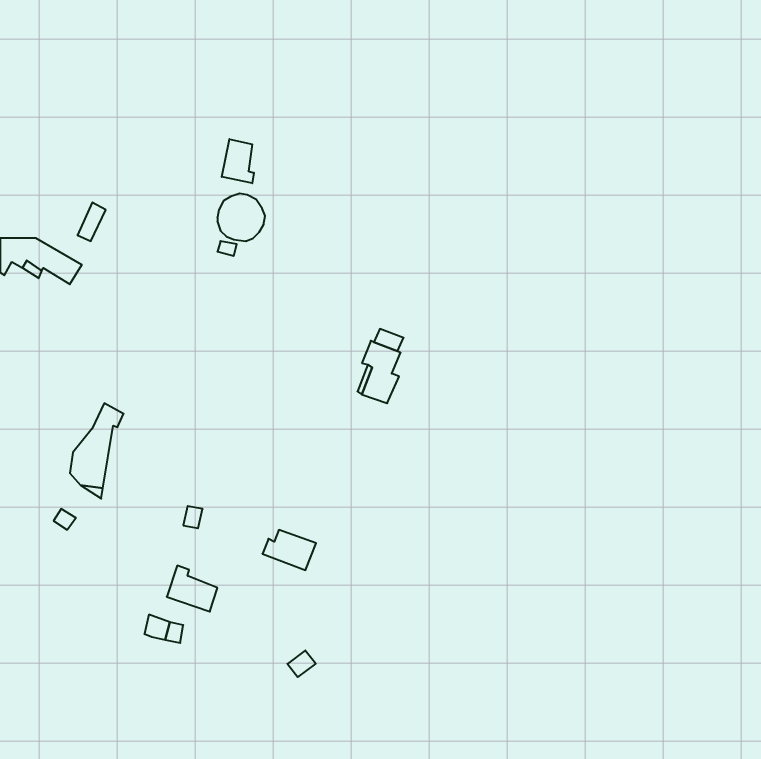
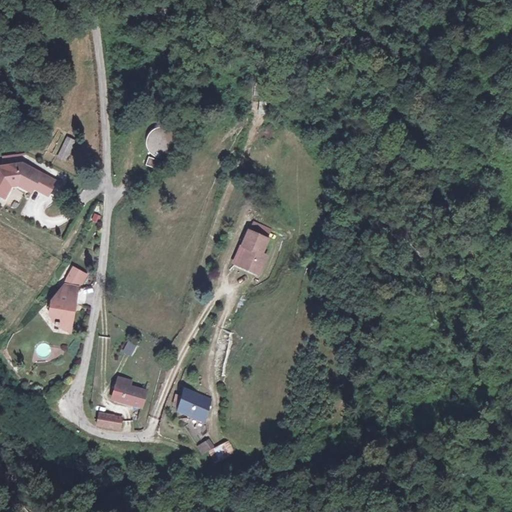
building: [222,139,254,183] -> none
building: [262,530,316,570] -> [172,389,208,416]

